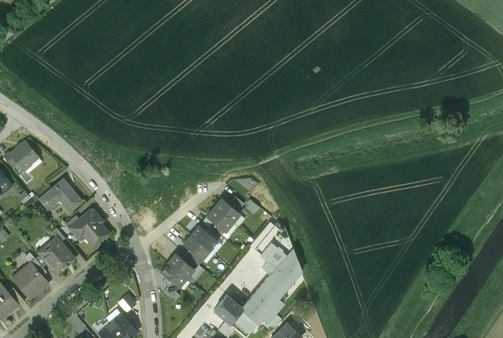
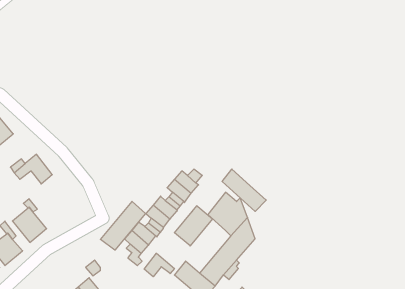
building: none -> [222,169,266,211]
building: [70,213,109,246] -> none
building: none -> [100,201,146,250]
building: none -> [174,206,213,246]
building: none -> [144,253,174,277]

